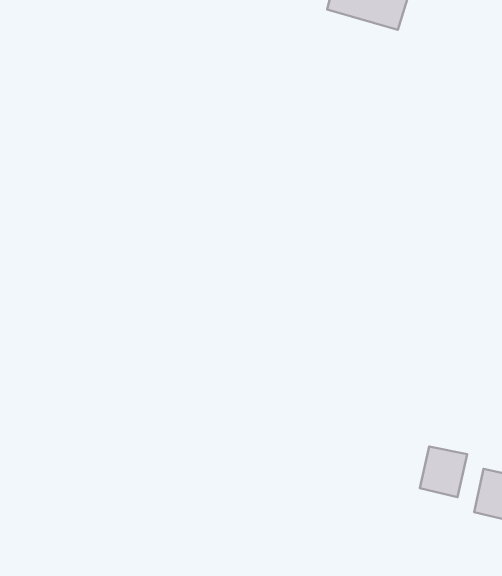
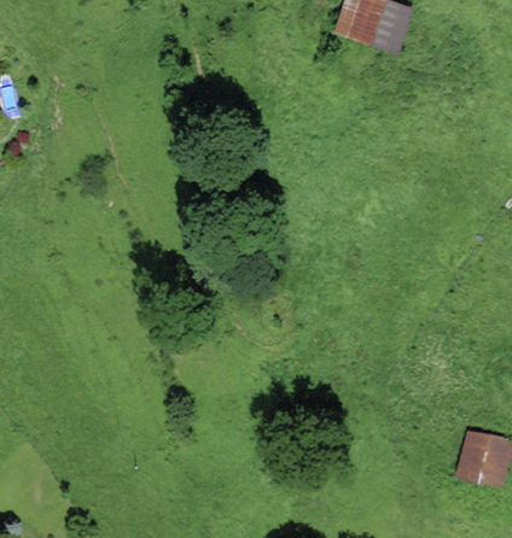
building: [420,447,467,497] -> none

